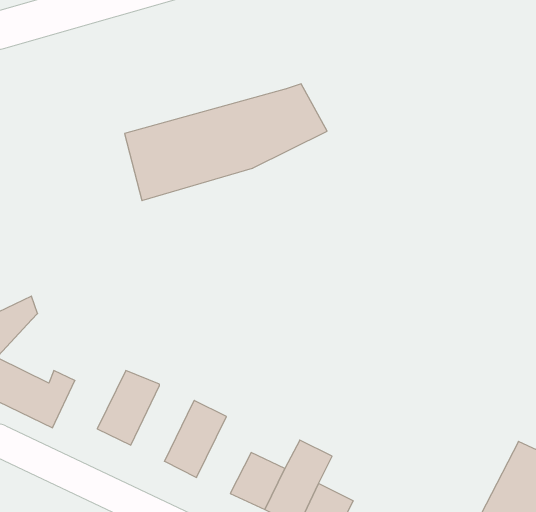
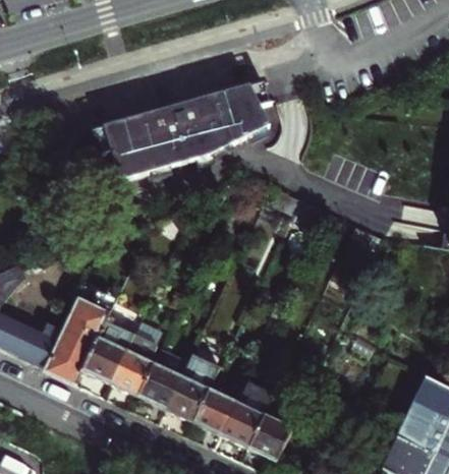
building: none -> [45,294,114,381]
building: none -> [109,333,160,395]
building: none -> [163,353,218,421]

